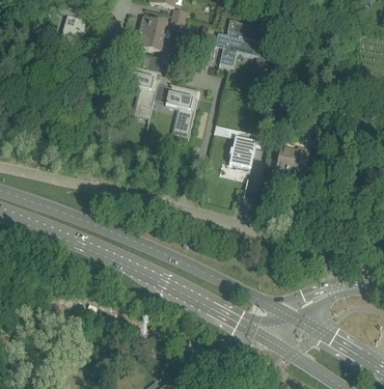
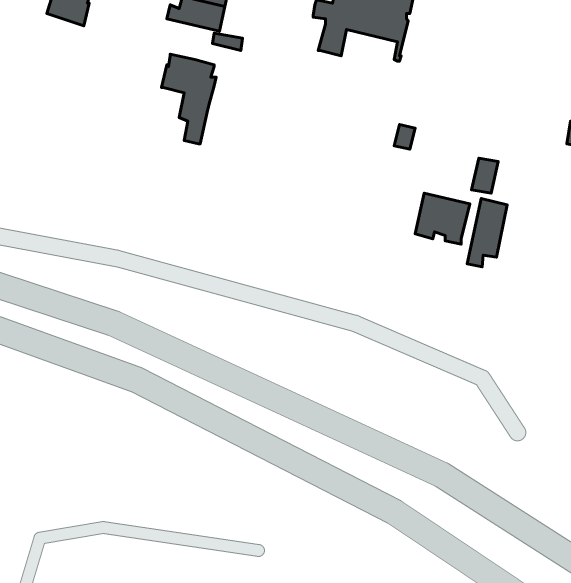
building: [165,84,197,138] -> none
building: [229,132,257,168] -> none
building: none -> [467,199,507,267]

